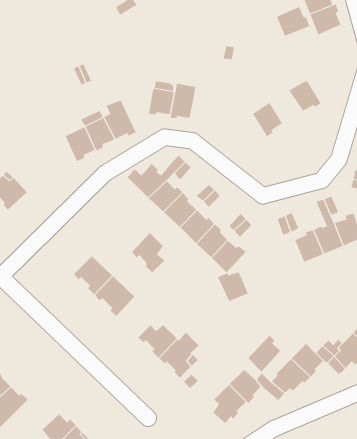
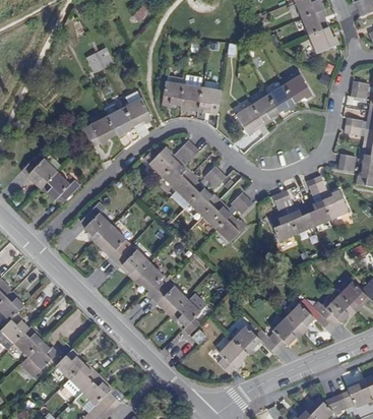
building: [276,6,310,37] -> [309,26,338,53]
building: none -> [267,83,297,112]
building: none -> [198,87,221,113]
building: none -> [236,104,263,134]
building: none -> [40,172,79,202]
building: none -> [80,201,113,243]
building: [131,232,165,273] -> [134,262,164,298]
building: [217,271,249,302] -> [269,214,297,240]
building: [248,335,281,373] -> none
building: none -> [56,348,84,378]

